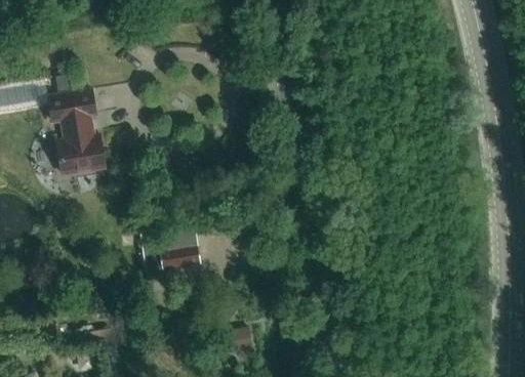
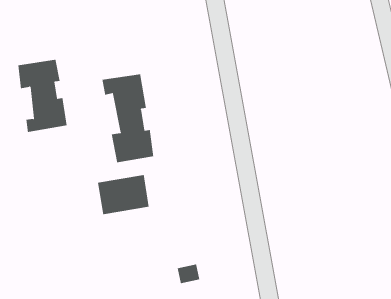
building: none -> [102,73,154,163]

